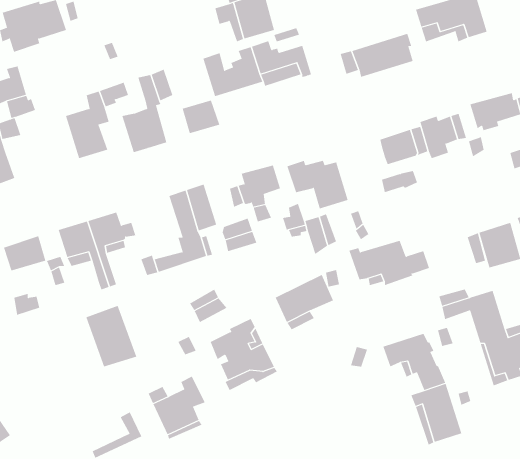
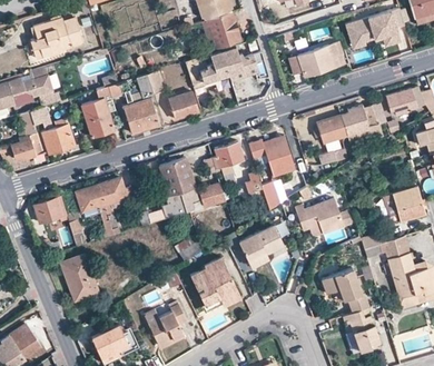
building: none -> [37,118,75,155]
building: [86,305,137,367] -> [60,254,99,300]
building: none -> [91,325,129,358]

